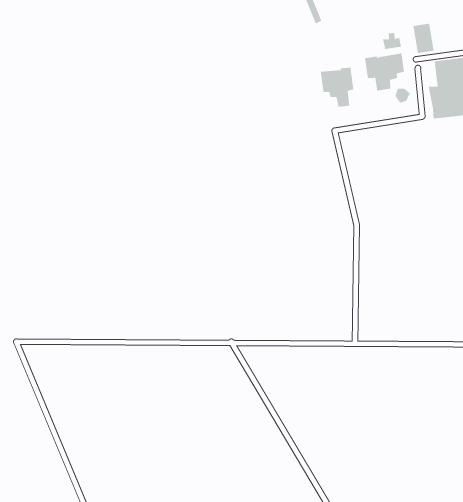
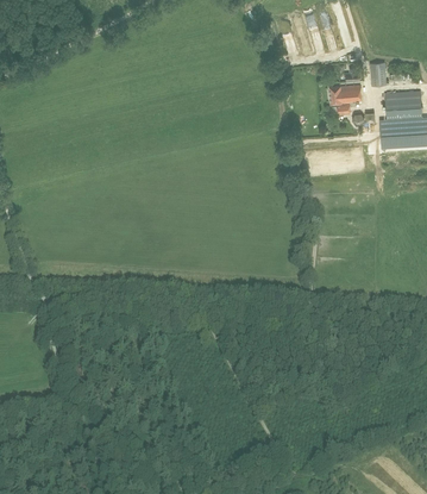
building: [320,67,354,108] -> none

